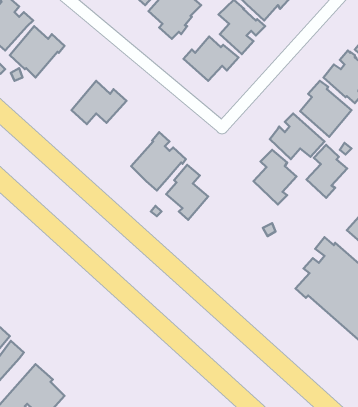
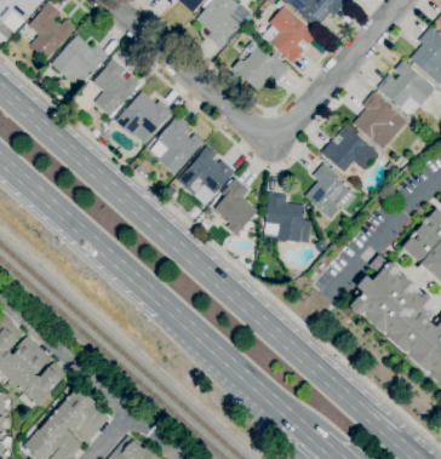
building: none -> [93,58,141,116]
building: none -> [150,115,205,173]
building: [306,145,347,198] -> none
building: none -> [265,193,305,242]

